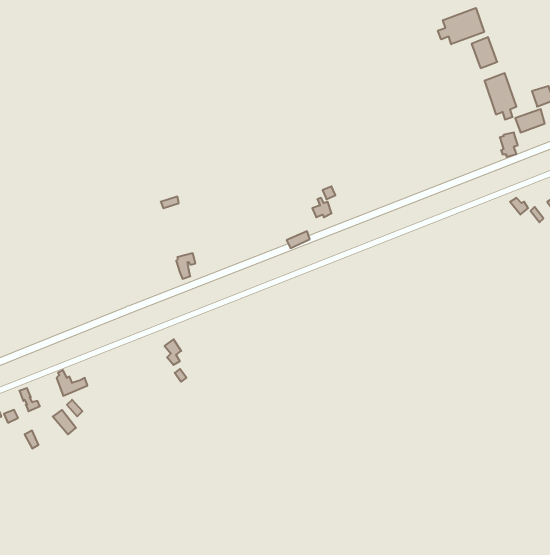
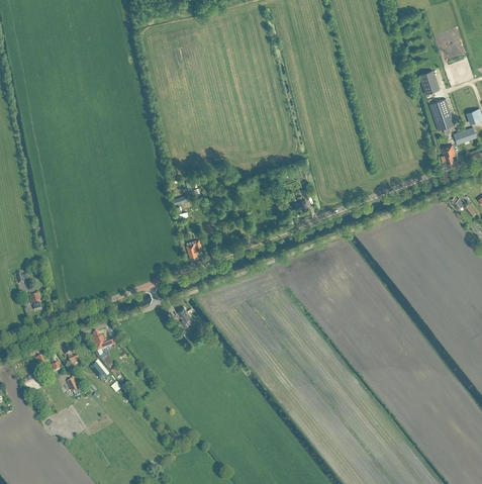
building: [438,8,484,44] -> none

